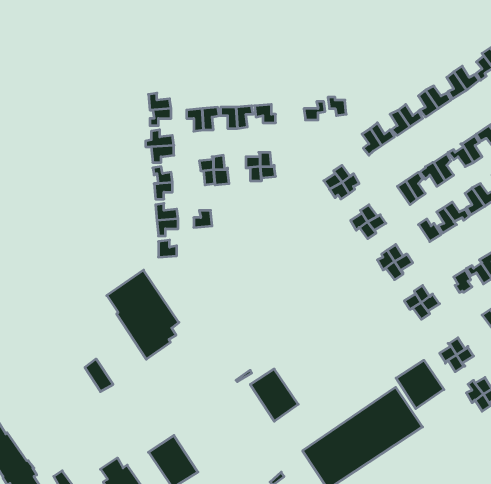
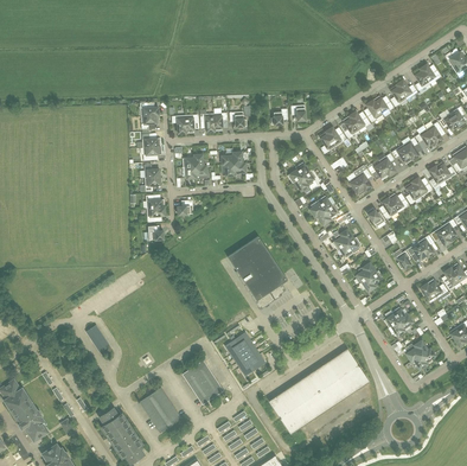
building: [107,270,179,359] -> [226,235,287,309]
building: [396,360,444,409] -> none
building: none -> [181,359,223,403]

